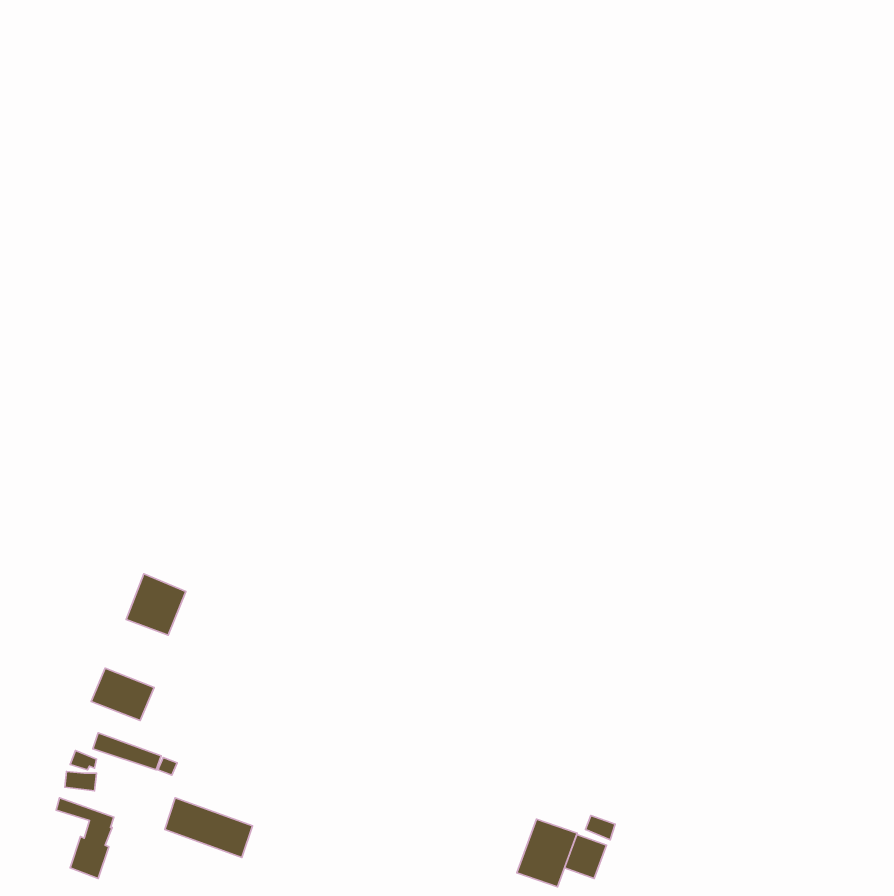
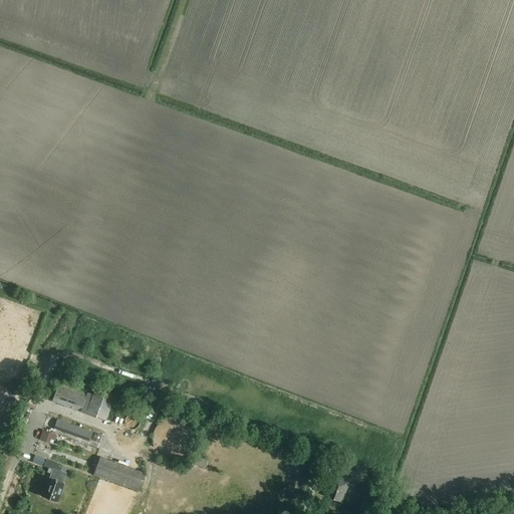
building: [126,574,186,635] -> [81,387,115,422]
building: [517,819,577,887] -> none

